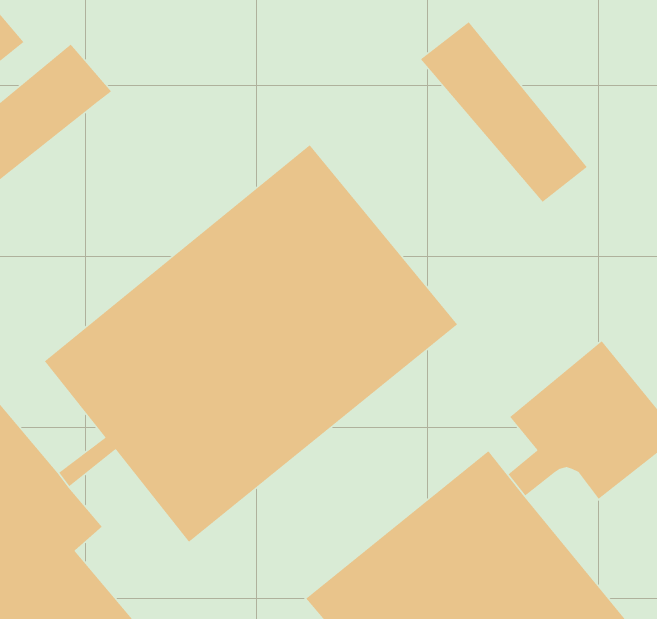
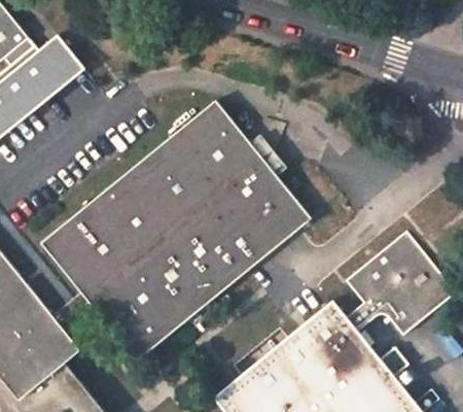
building: [420,21,588,203] -> none

